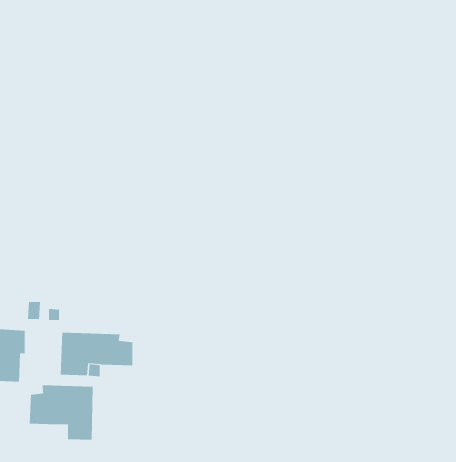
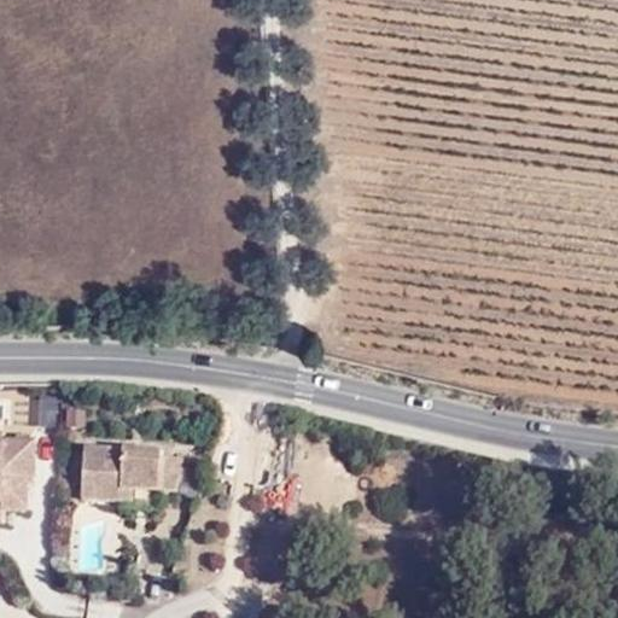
building: [29,385,93,441] -> none

